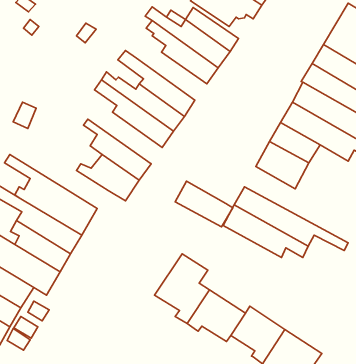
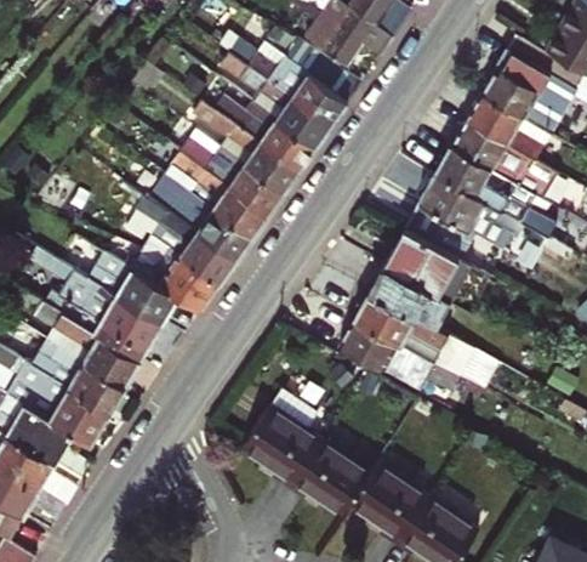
building: none -> [216,97,315,171]
building: none -> [147,183,252,261]
building: none -> [80,244,176,324]
building: [175,181,233,227] -> [369,265,450,329]

